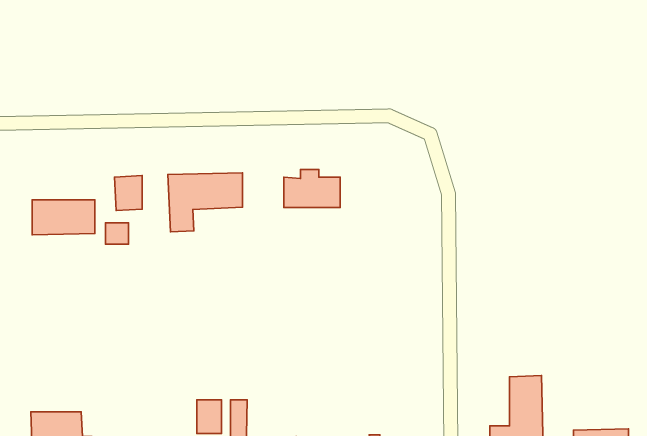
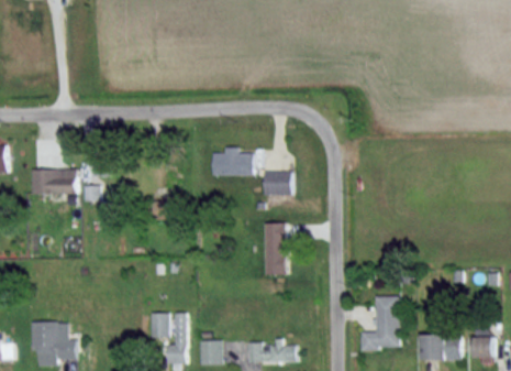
building: [168,173,242,232] -> none
building: none -> [264,172,291,196]
building: none -> [264,223,287,275]

